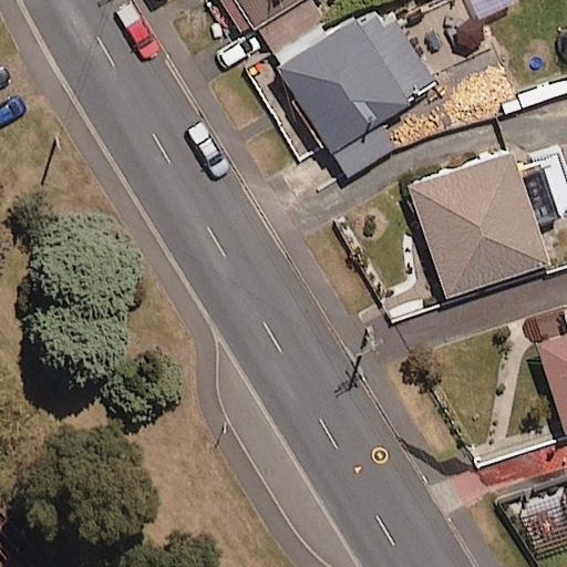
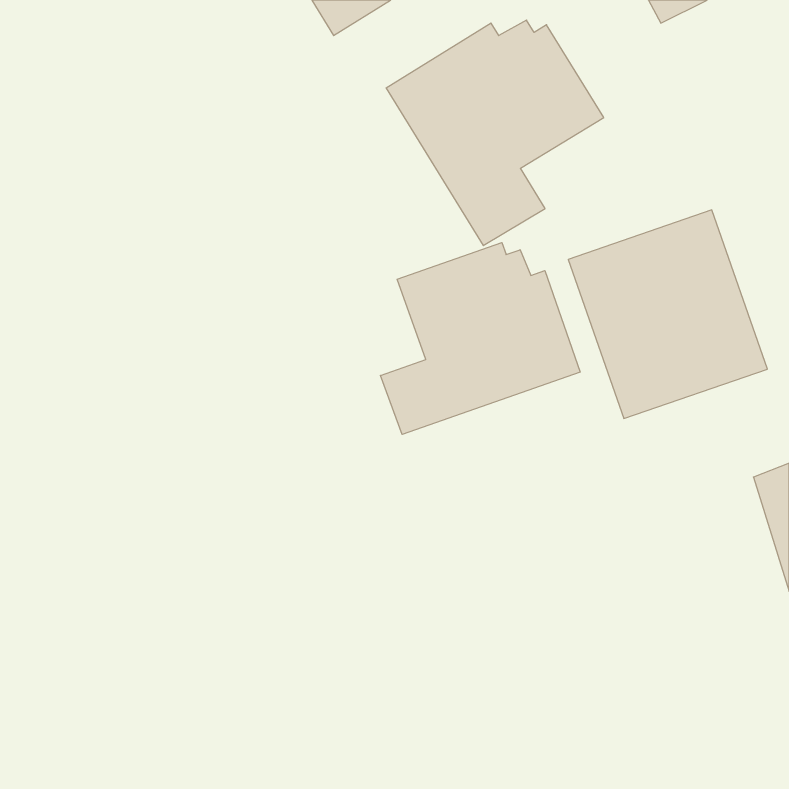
building: none -> [380,243,580,434]

